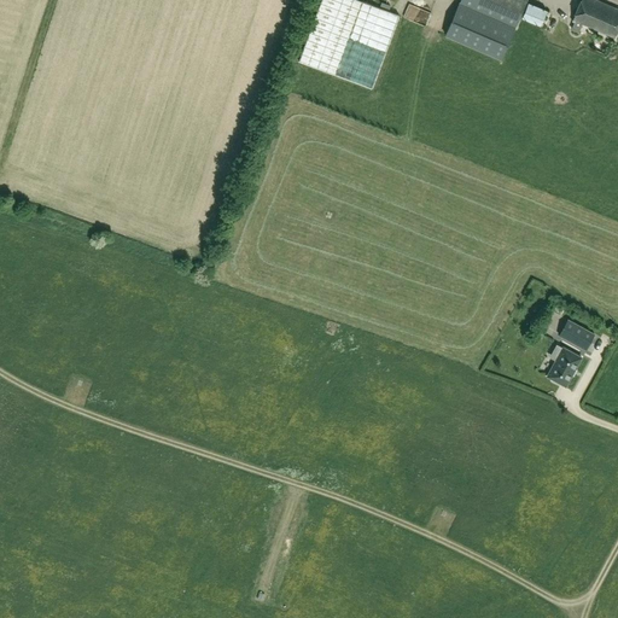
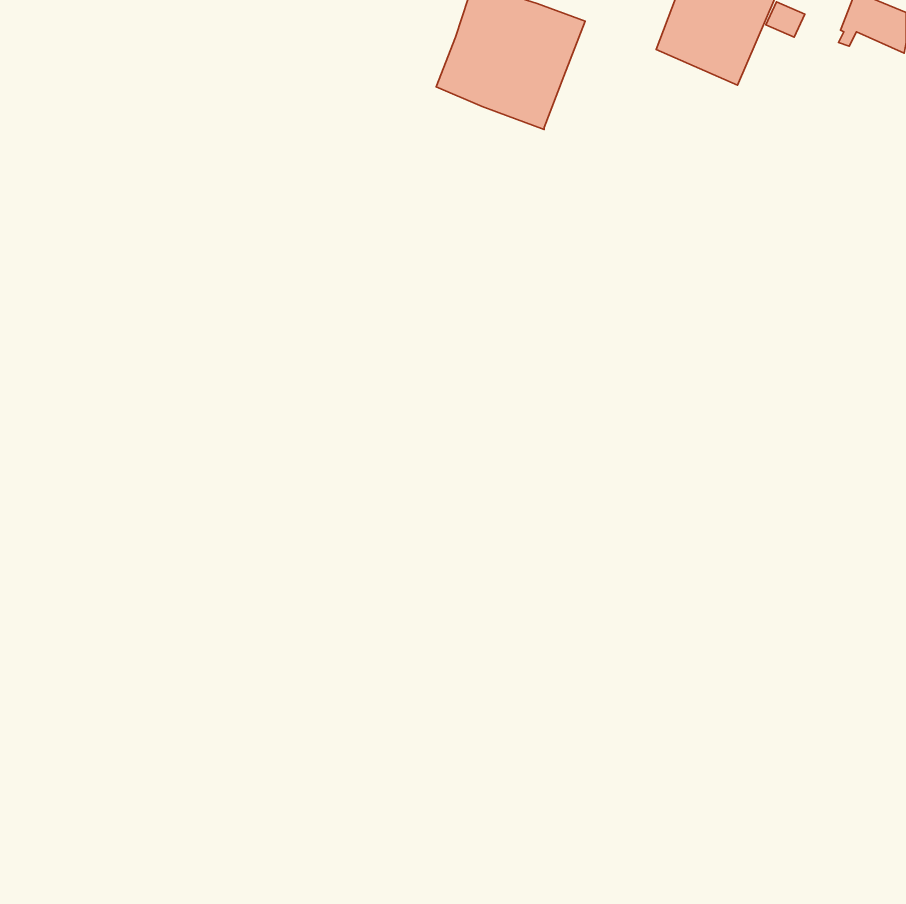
building: [559,319,594,349] -> none
building: [547,346,582,385] -> none

